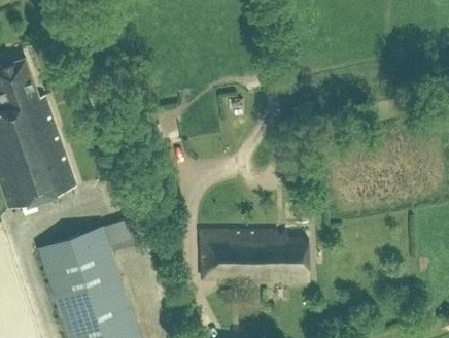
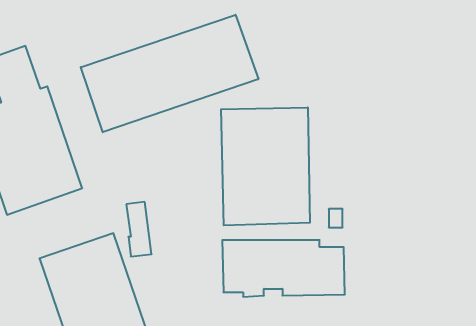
building: none -> [81,15,258,132]
building: none -> [221,107,310,225]

